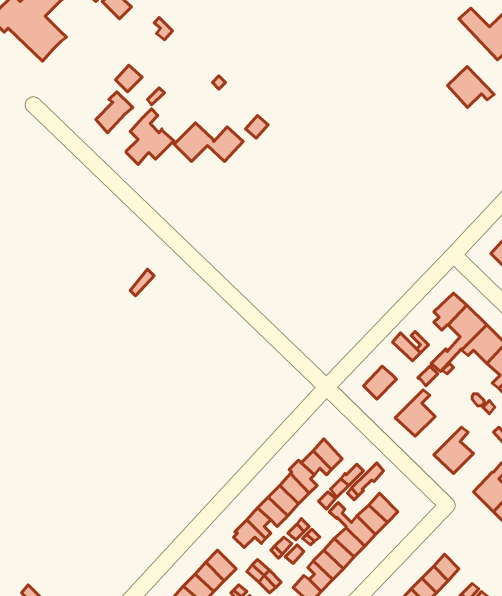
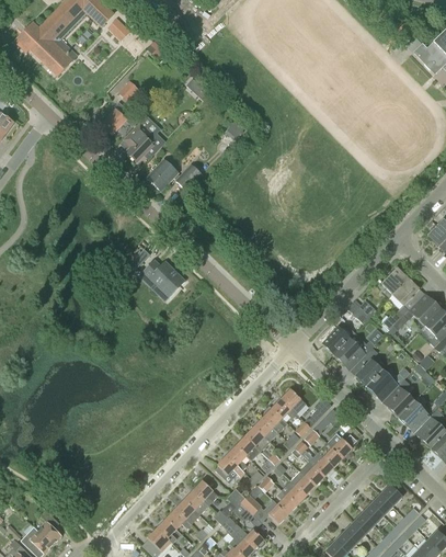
building: [447,67,494,108] -> none
building: [174,123,243,161] -> [147,159,204,191]
building: none -> [145,259,185,292]
building: none -> [334,339,373,371]
building: none -> [366,370,404,401]
building: none -> [398,400,430,432]

